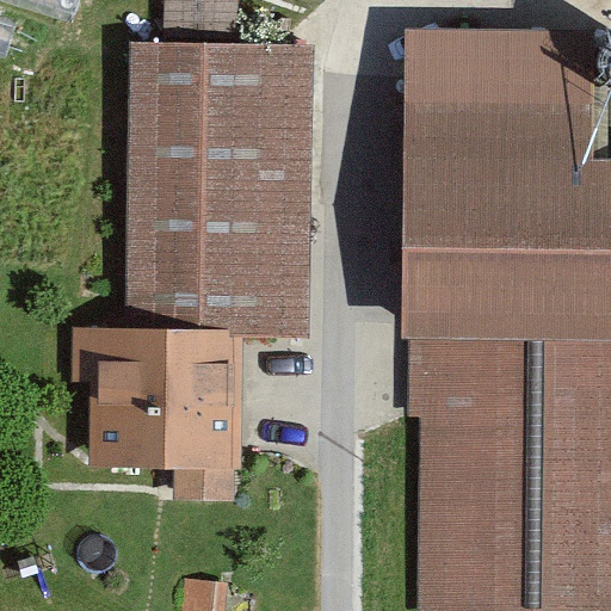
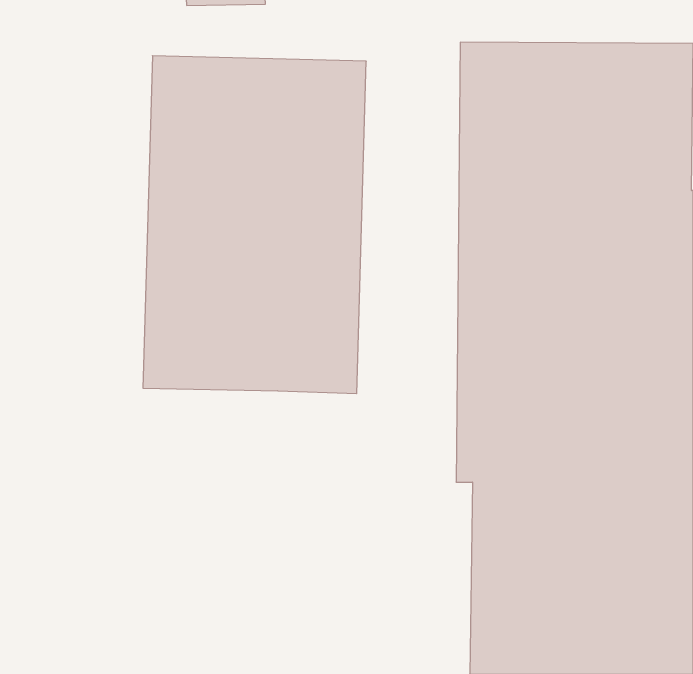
building: [74,338,243,479] -> none

